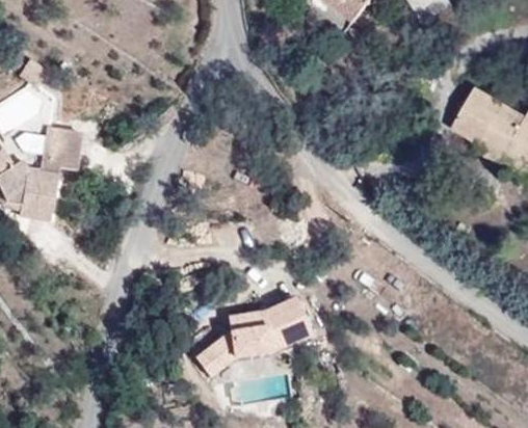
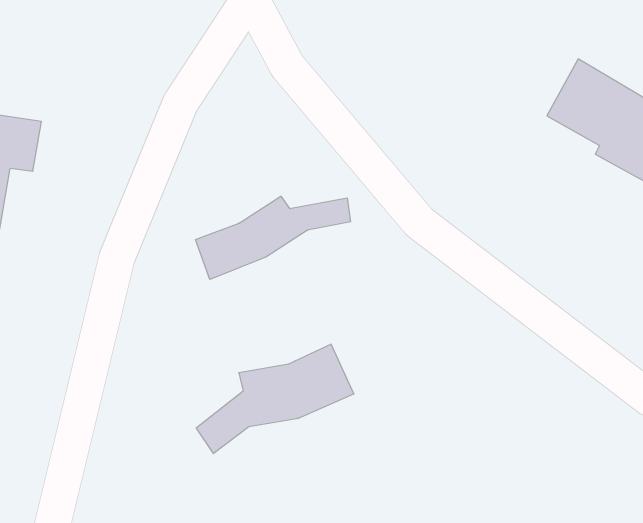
building: none -> [195,196,351,279]

